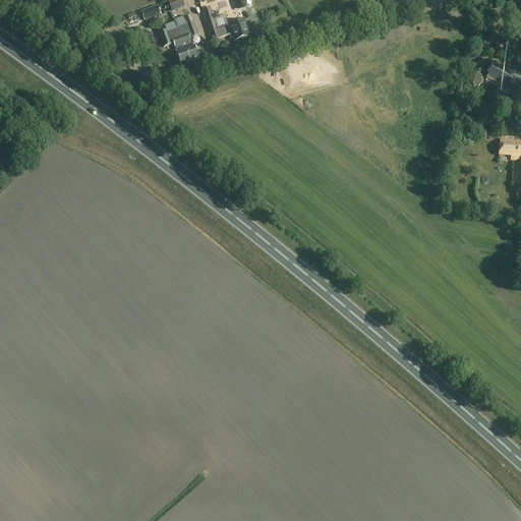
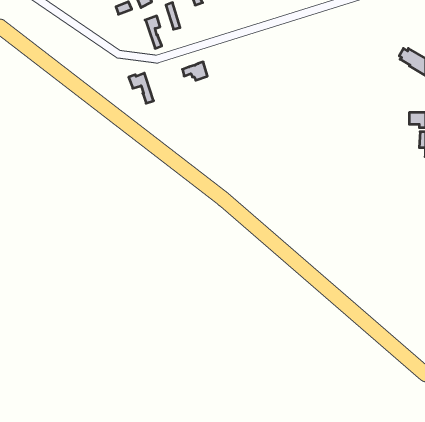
building: [219,16,249,39] -> [182,62,207,80]
building: [160,25,190,62] -> [129,73,154,103]

